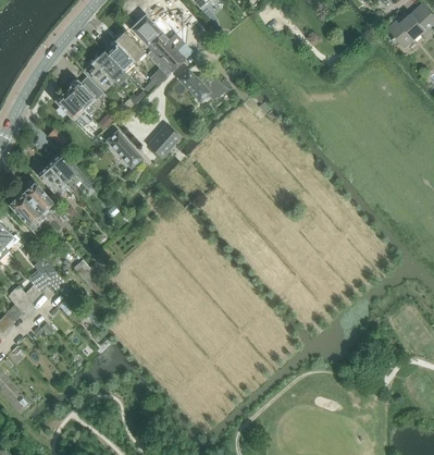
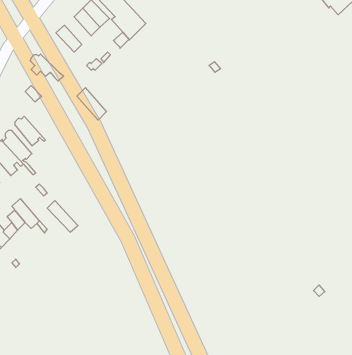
building: [94,50,128,85] -> none
building: [178,69,225,101] -> none
building: [66,71,107,114] -> none
building: [147,123,181,158] -> none
building: [48,152,85,198] -> none

